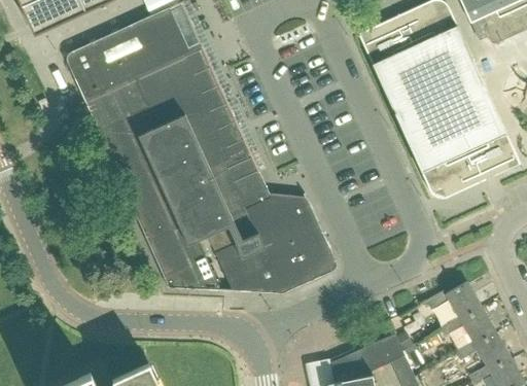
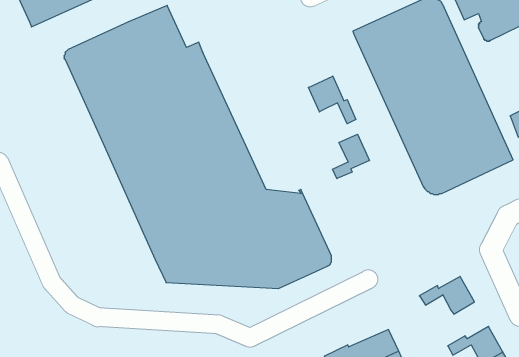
building: none -> [308,76,356,124]
building: none -> [333,134,369,179]
building: [440,307,495,344] -> none

